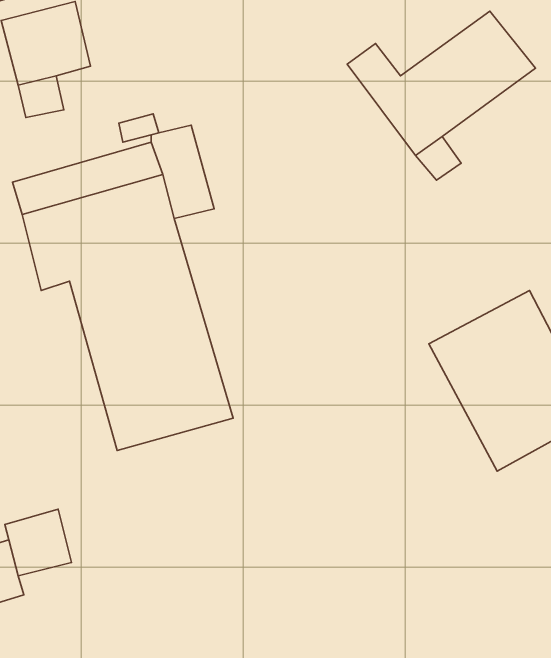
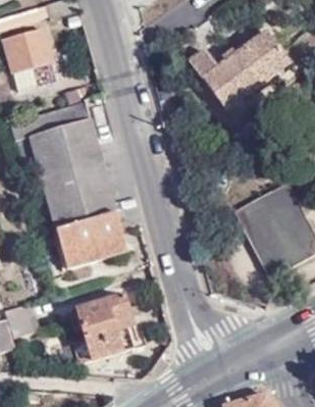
building: none -> [71,294,141,364]

